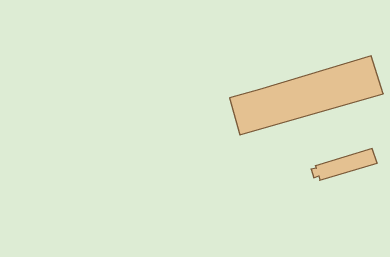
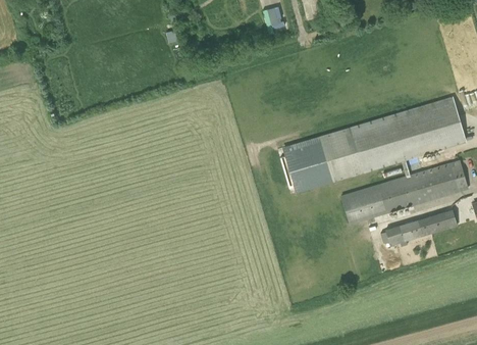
building: none -> [340,160,468,225]

